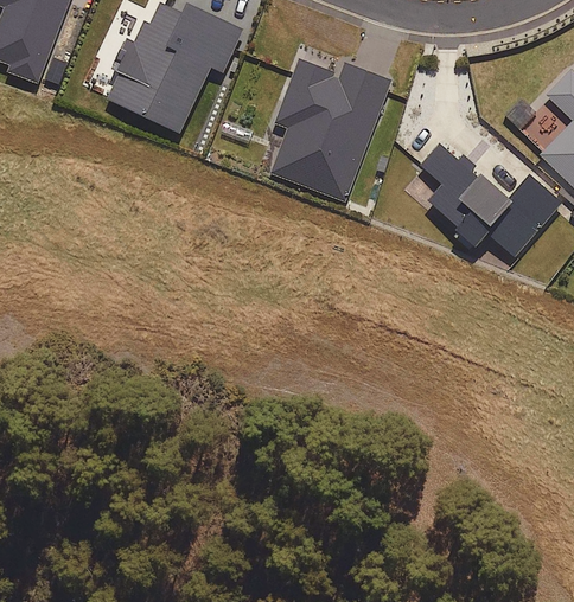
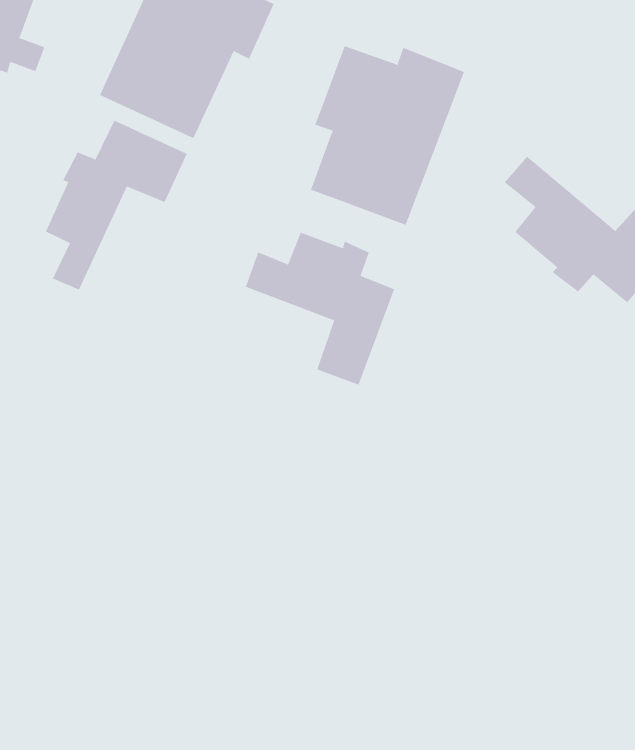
building: none -> [45,120,187,291]
building: none -> [245,232,395,386]

